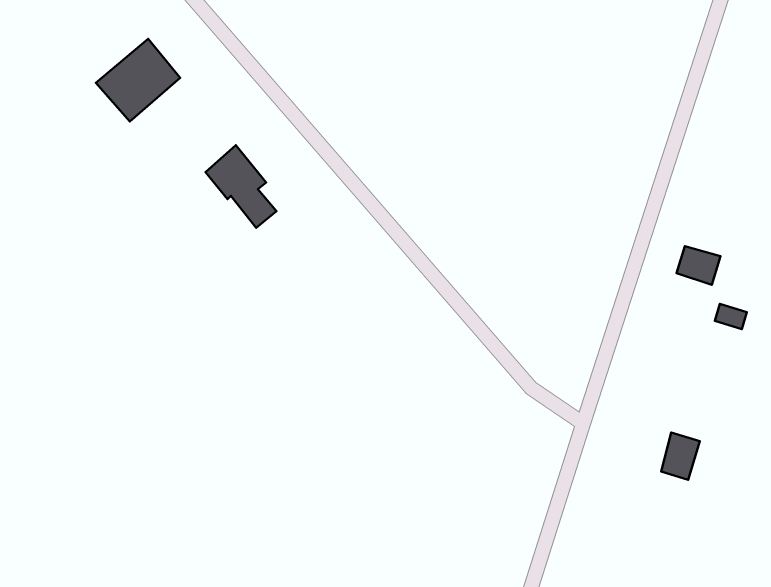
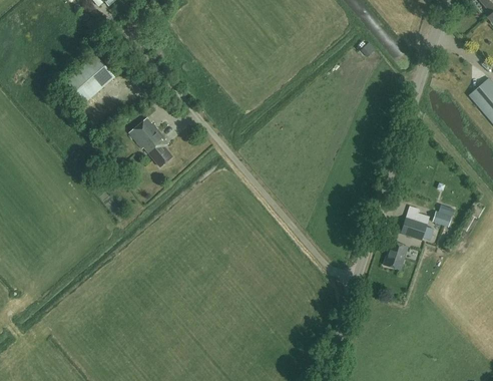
building: [677,246,720,285] -> [401,217,427,240]
building: [661,433,700,480] -> [385,241,408,269]

